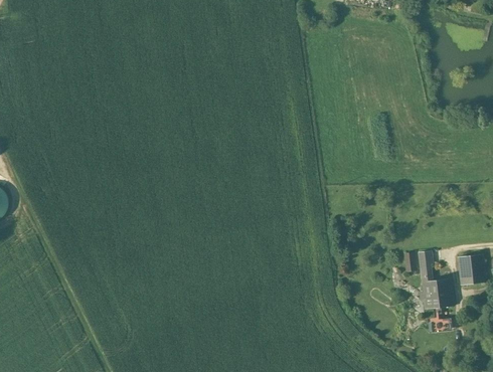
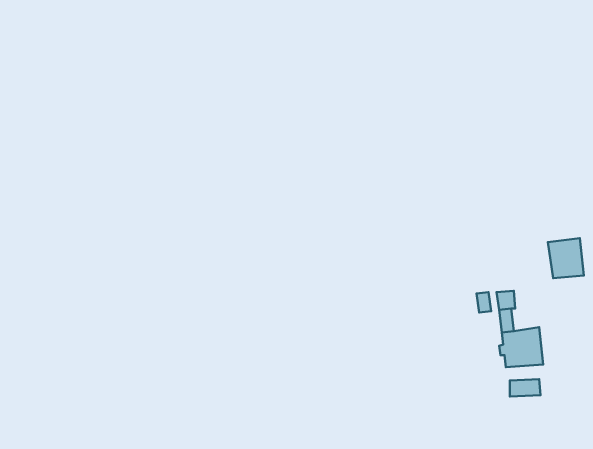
building: [457,253,484,284] -> [548,238,584,278]

